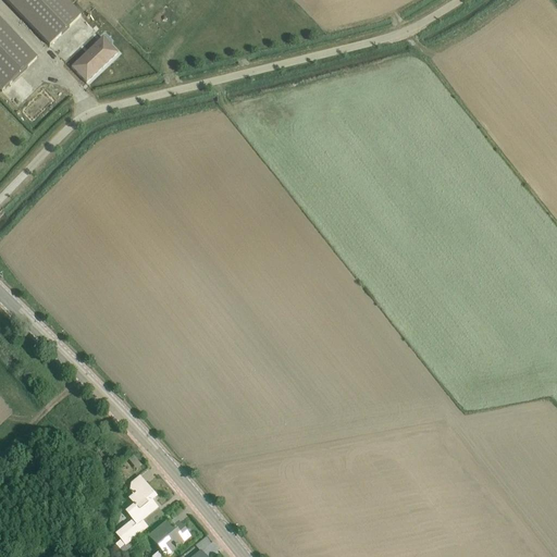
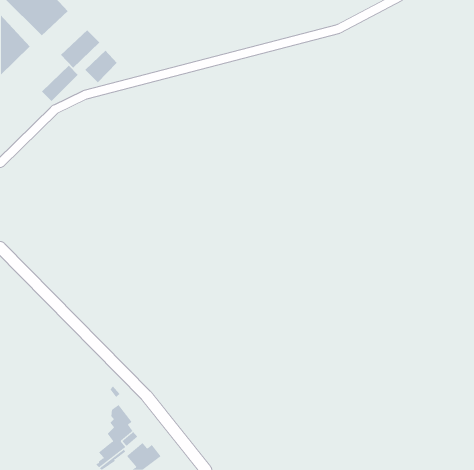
building: none -> [85,50,118,83]
building: none -> [41,65,78,102]

